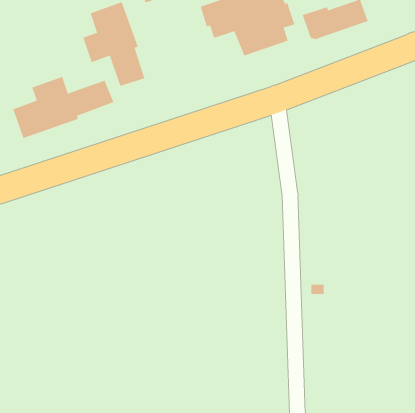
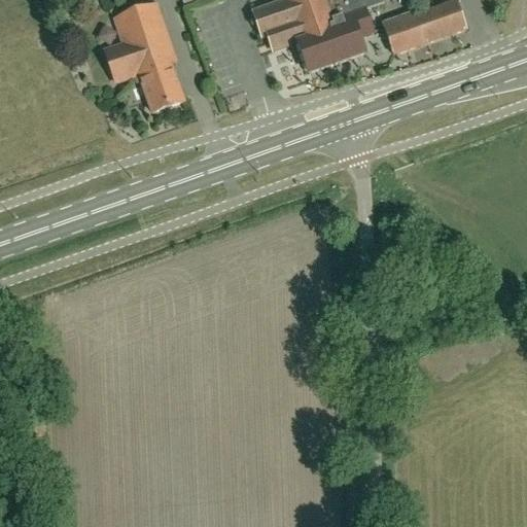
building: [12,76,114,139] -> none

